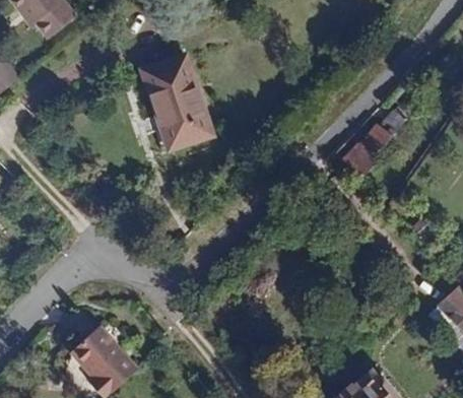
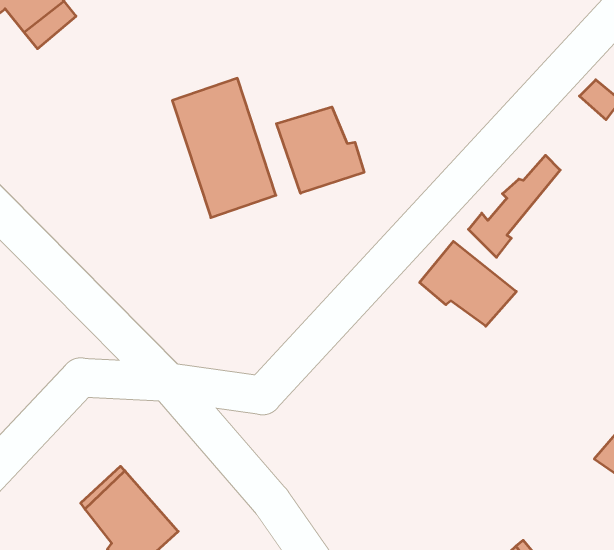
building: none -> [276,107,364,193]
building: none -> [420,241,516,326]

